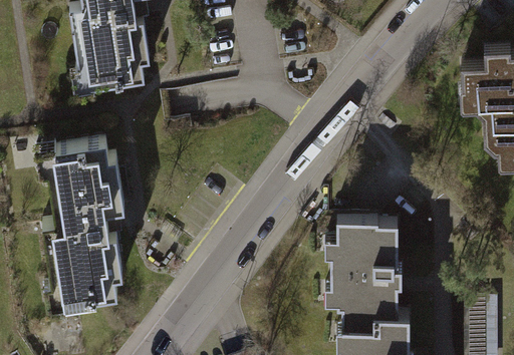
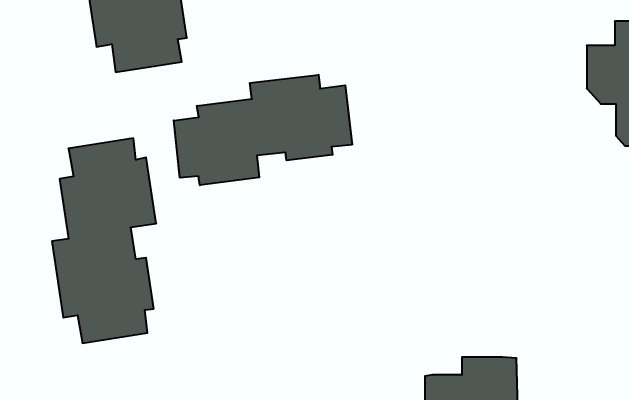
building: none -> [174,75,352,185]
building: [324,221,402,328] -> none

